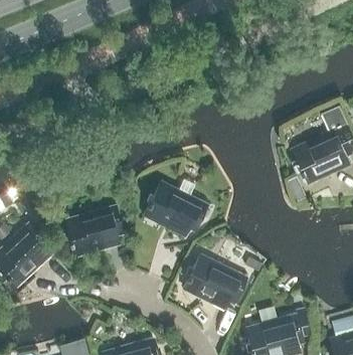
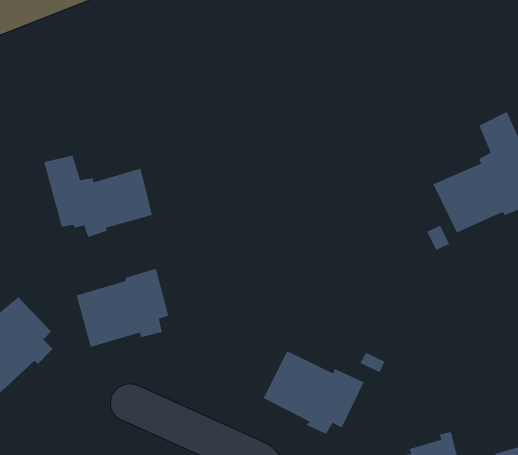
building: none -> [44,155,152,238]
building: [144,184,208,238] -> none

